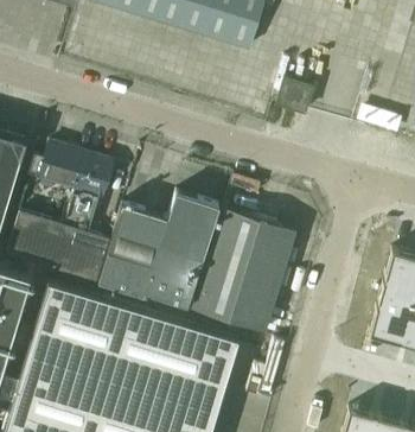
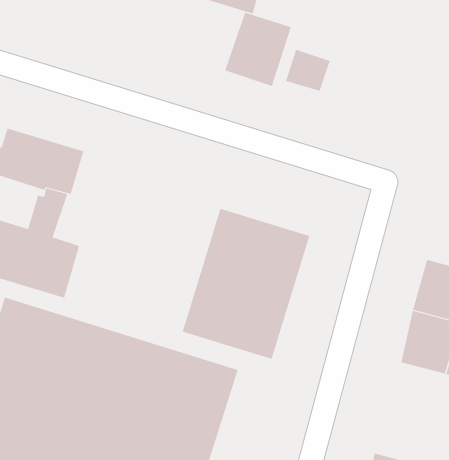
building: none -> [224,12,291,87]
building: [97,195,219,307] -> none

